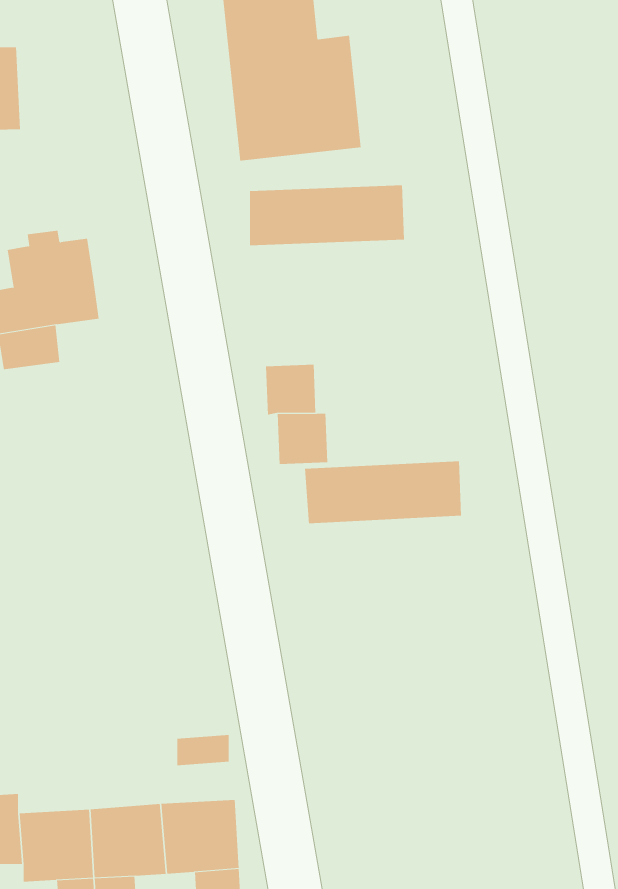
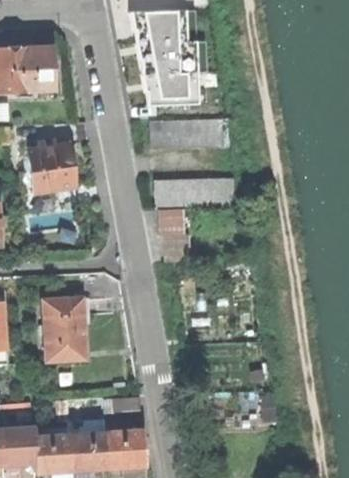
building: none -> [32,46,53,89]
building: [304,461,462,524] -> [154,175,234,207]
building: none -> [44,298,85,359]

